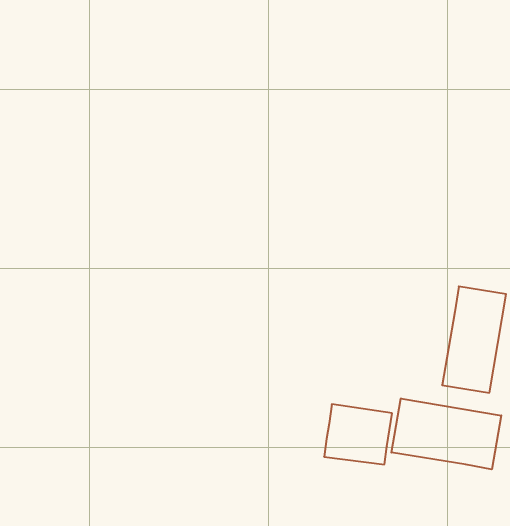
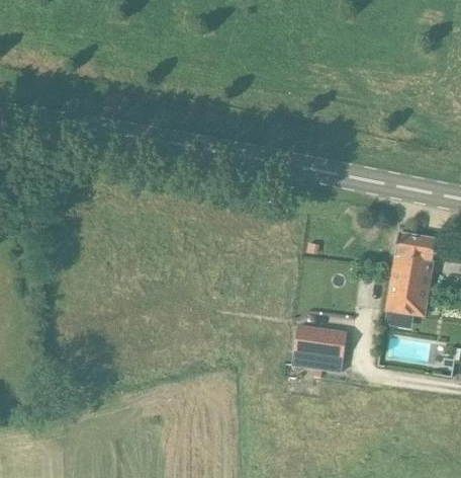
building: [391,398,501,469] -> none

